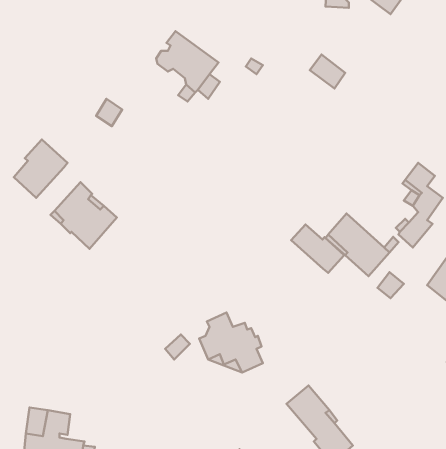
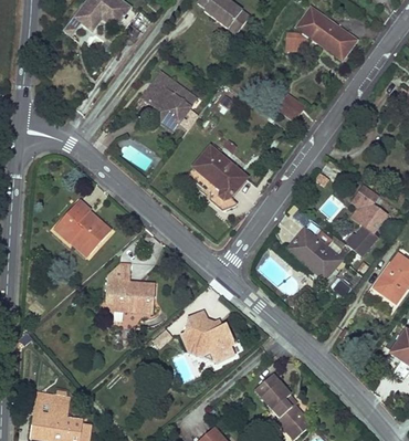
building: none -> [193,146,247,199]
building: [14,139,68,198] -> none
building: [291,225,344,273] -> none
building: none -> [105,262,155,312]

